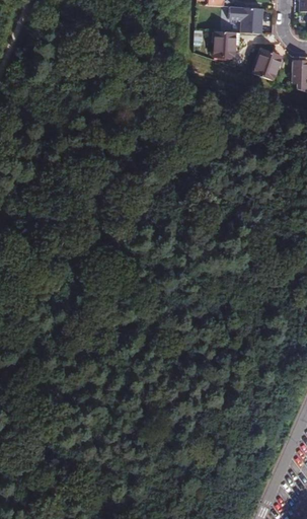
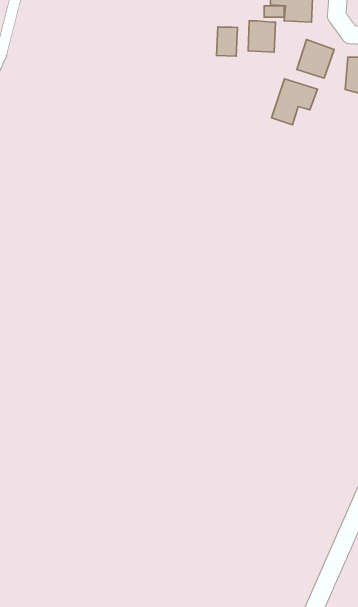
building: none -> [217,27,238,56]
building: none -> [272,79,317,125]

